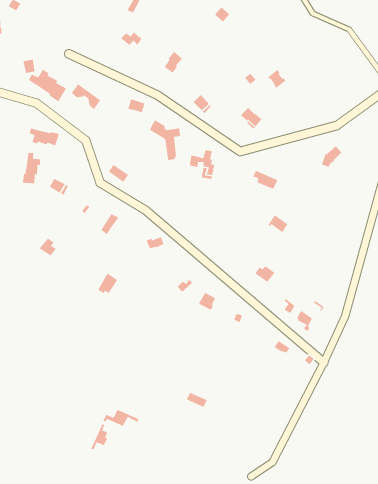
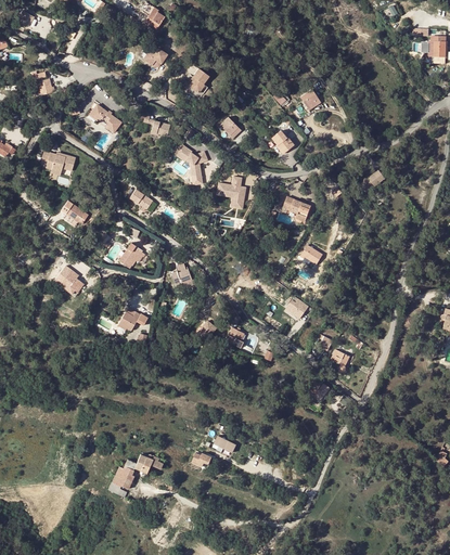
building: [28,69,67,103] -> none
building: [22,152,41,184] -> none

